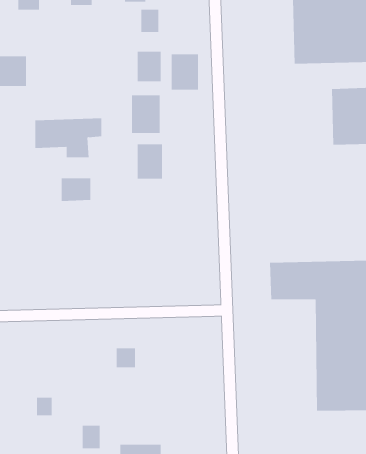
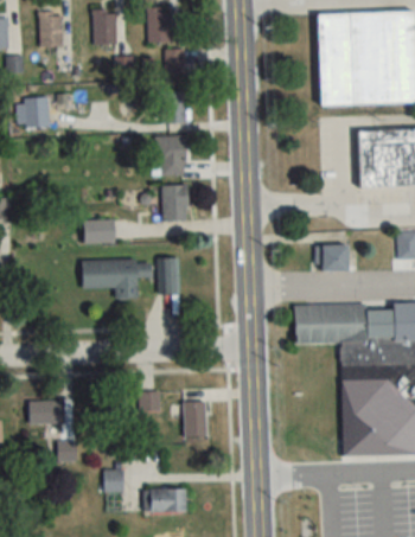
building: [171,53,198,90] -> none
building: [34,118,102,158] -> [83,258,152,299]
building: none -> [317,247,349,273]
building: none -> [159,258,180,295]
building: none -> [30,401,66,424]
building: none -> [184,402,206,439]

